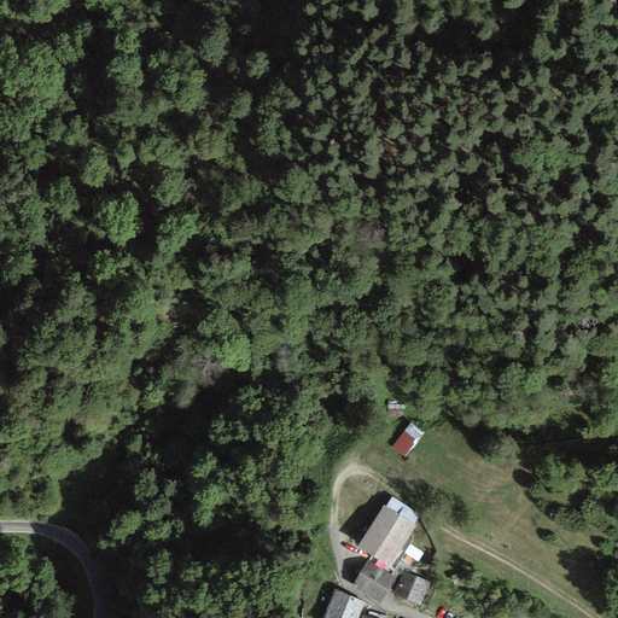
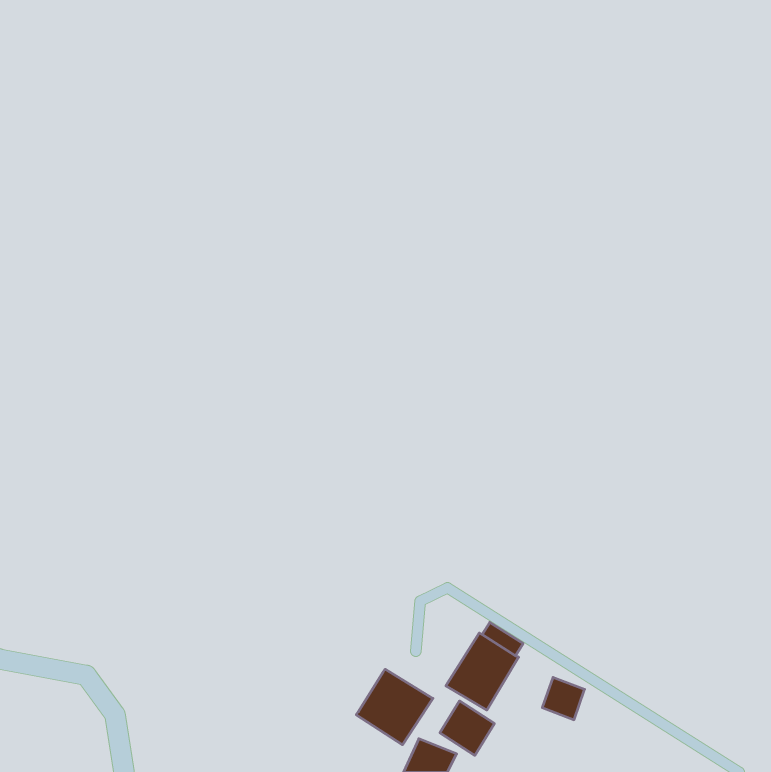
building: none -> [356,669,433,745]
building: [393,572,427,606] -> [542,677,585,720]

